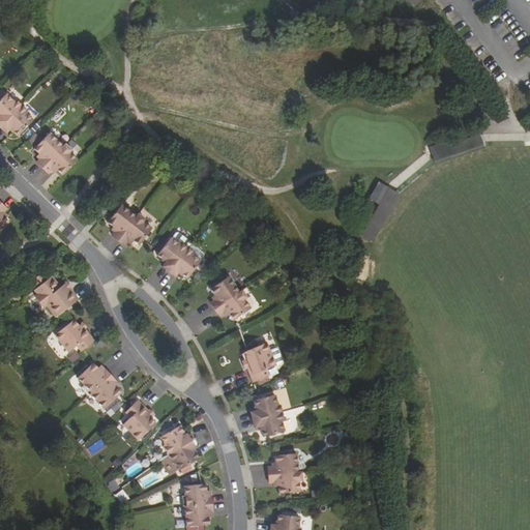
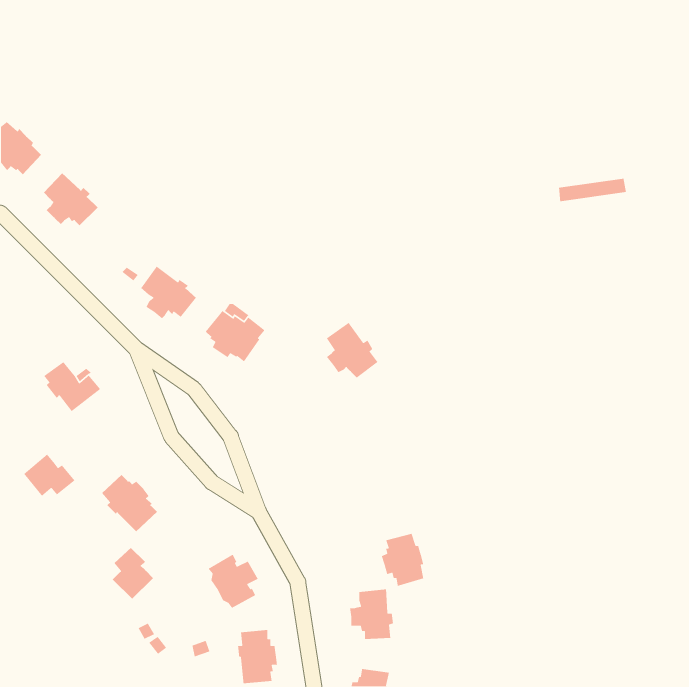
building: [361,181,398,241] -> none
building: [210,276,251,320] -> [326,322,378,378]
building: [54,320,94,353] -> [23,454,76,497]
building: [244,342,275,381] -> none
building: [251,394,284,436] -> [381,533,424,587]
building: [124,399,156,439] -> [112,547,154,600]

